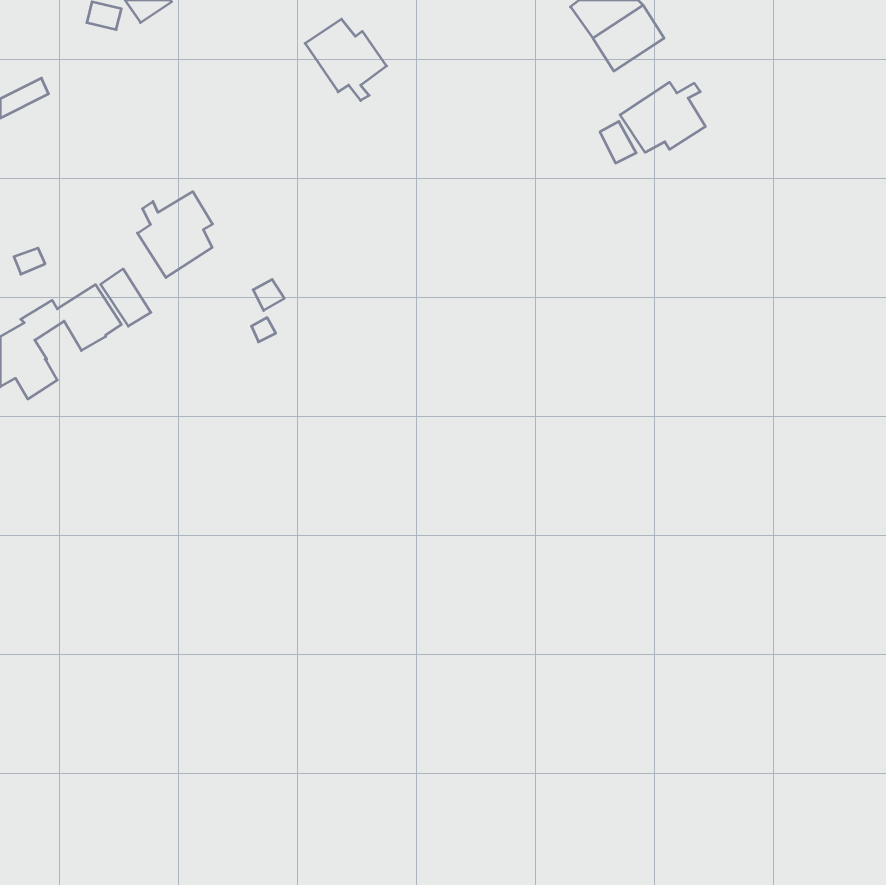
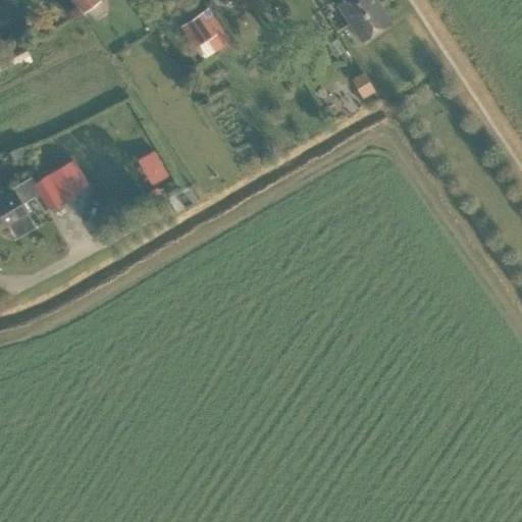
building: [620,82,705,152] -> none
building: [137,192,213,278] -> none

